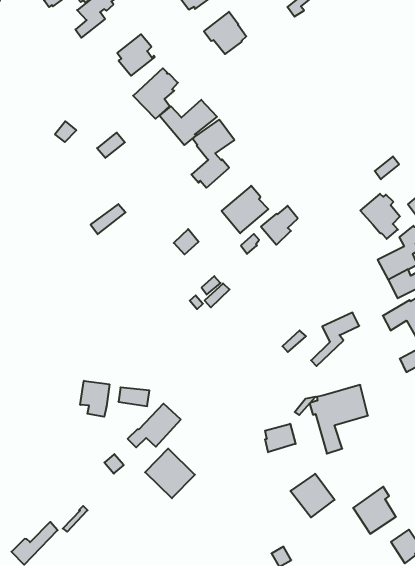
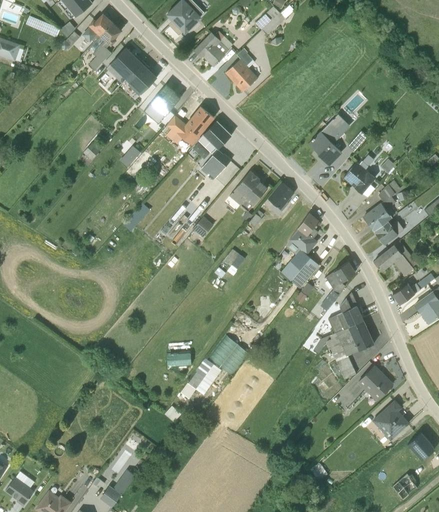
building: none -> [107,48,142,83]
building: none -> [224,49,257,92]
building: none -> [308,114,349,164]
building: none -> [280,213,319,288]
building: none -> [328,292,363,333]
building: [80,381,109,417] -> none
building: [265,424,296,452] -> none
building: [145,449,195,498] -> [208,335,249,375]
building: [290,474,335,517] -> [356,365,393,401]

